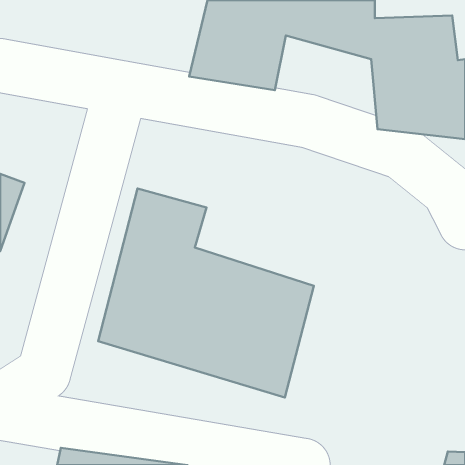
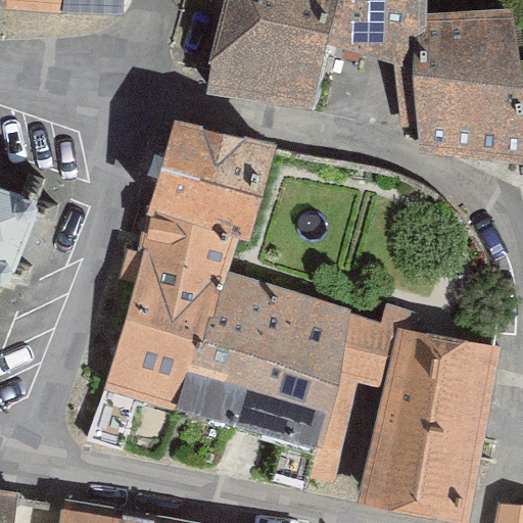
building: none -> [154,128,271,236]
building: none -> [314,311,492,517]

